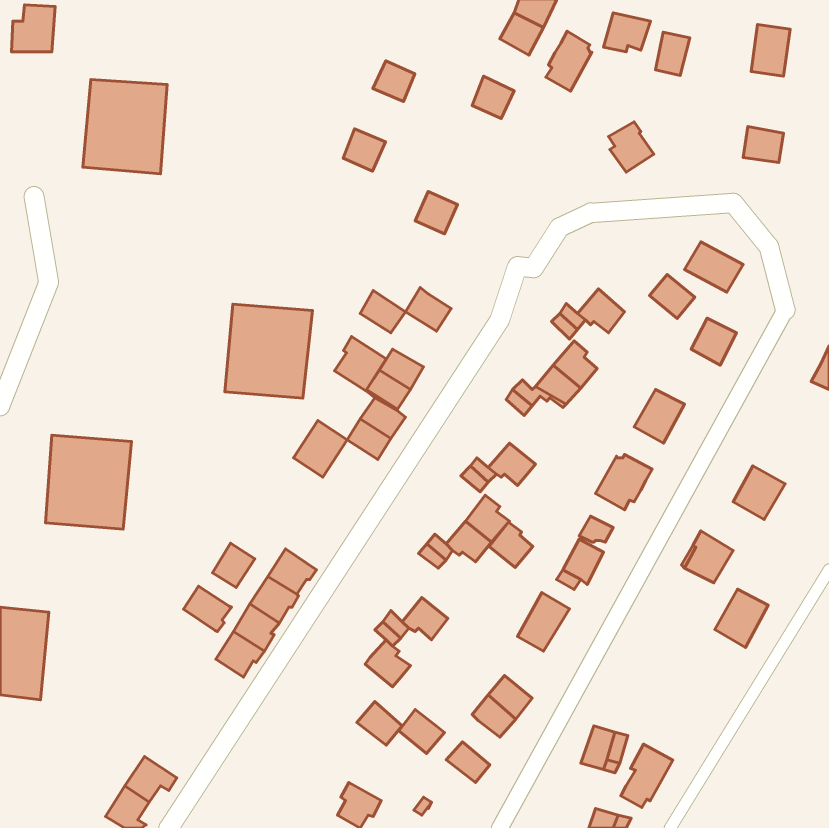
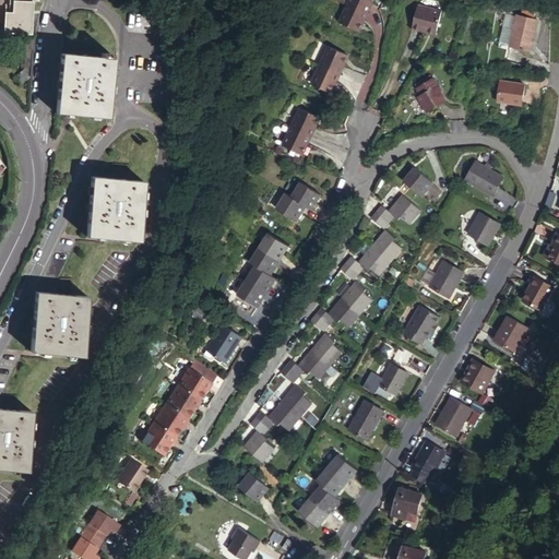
building: [546,31,592,91] -> none
building: [656,32,690,76] -> none
building: [373,61,415,101] -> [309,71,337,98]
building: [343,129,385,171] -> [288,109,317,138]
building: [649,275,695,318] -> [402,166,432,195]
building: [360,291,406,333] -> [288,182,319,211]
building: [225,304,312,398] -> [85,177,144,240]
building: [334,336,386,391] -> none
building: none -> [523,275,554,308]
building: none -> [343,282,371,312]
building: [294,420,347,477] -> [207,324,243,362]
building: [489,522,533,568] -> [284,385,313,416]
building: [213,543,255,587] -> none
building: [184,586,231,631] -> none
building: [715,589,768,648] -> [435,396,471,436]
building: none -> [119,460,148,490]
building: [399,710,444,753] -> [311,485,342,514]
building: [621,744,673,807] -> [409,440,444,483]

